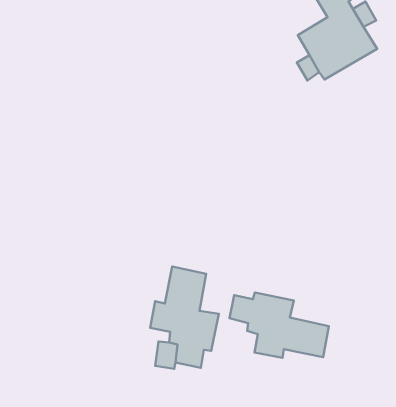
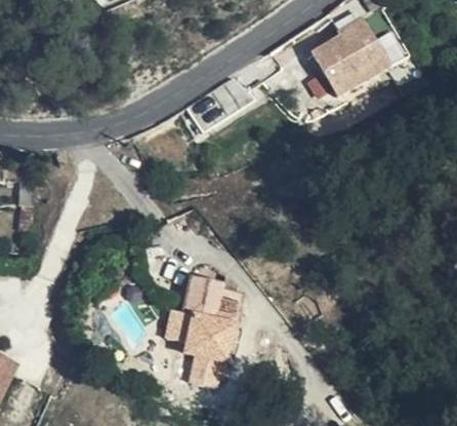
building: [230,293,329,358] -> none

